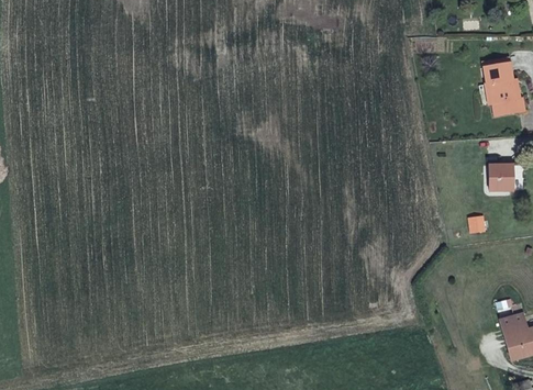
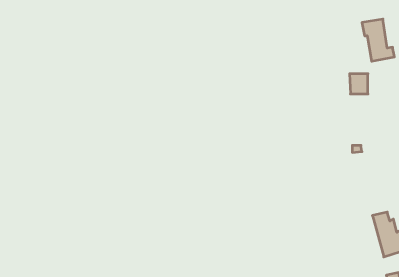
building: [489,165,512,190] -> [350,74,368,94]

